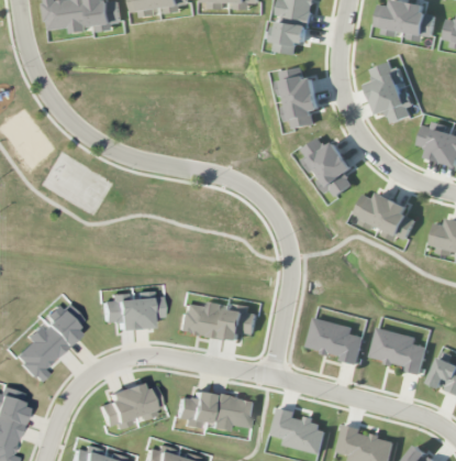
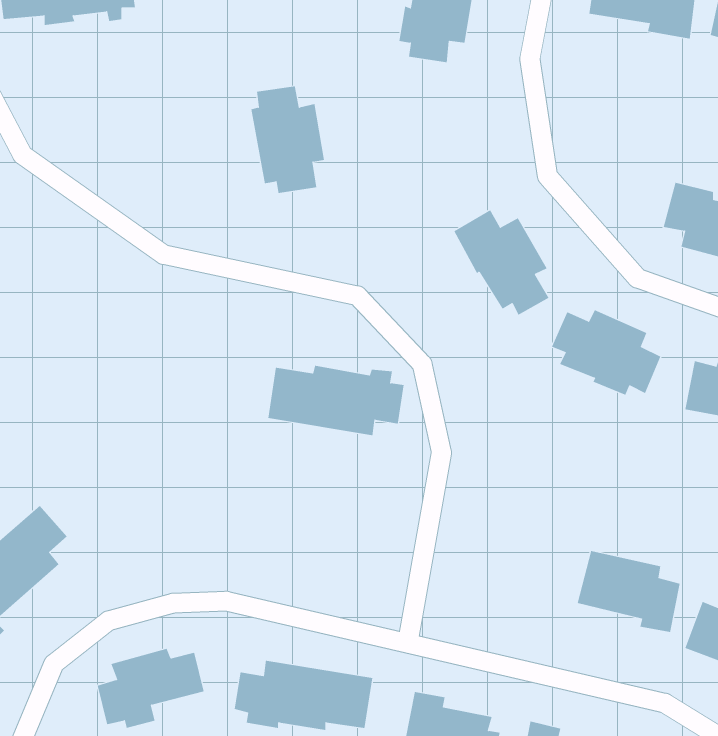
building: [367,61,413,123] -> none
building: [277,67,319,128] -> [250,86,325,193]
building: [102,290,162,330] -> none
building: [179,301,256,341] -> [267,365,405,436]
building: [305,317,364,364] -> none

